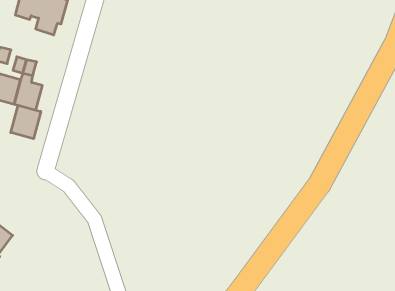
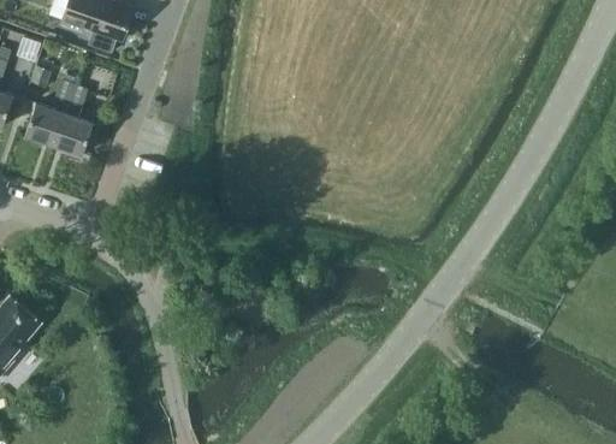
building: [11,105,41,139] -> none

